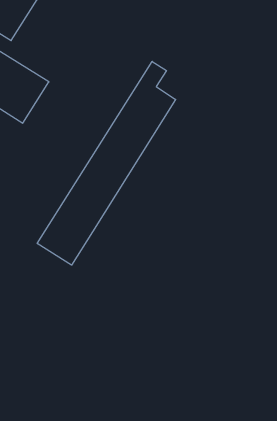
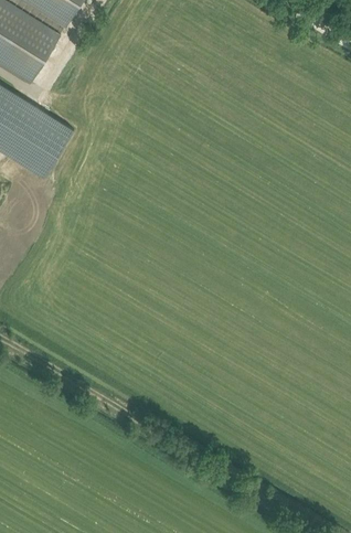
building: [37,61,176,265] -> none

